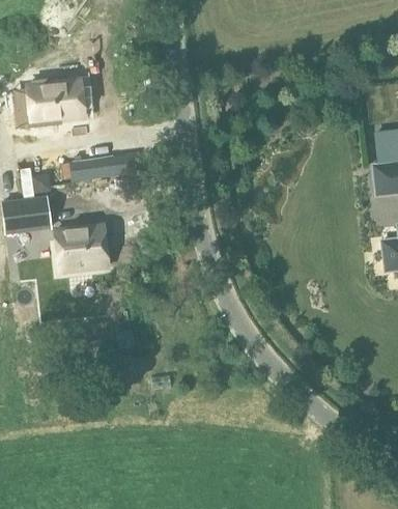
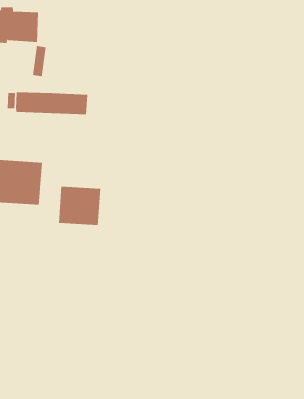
building: none -> [58,186,101,226]

